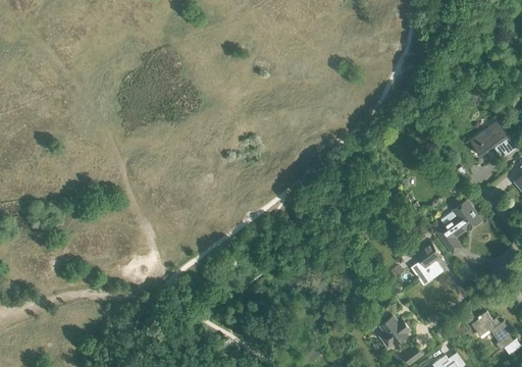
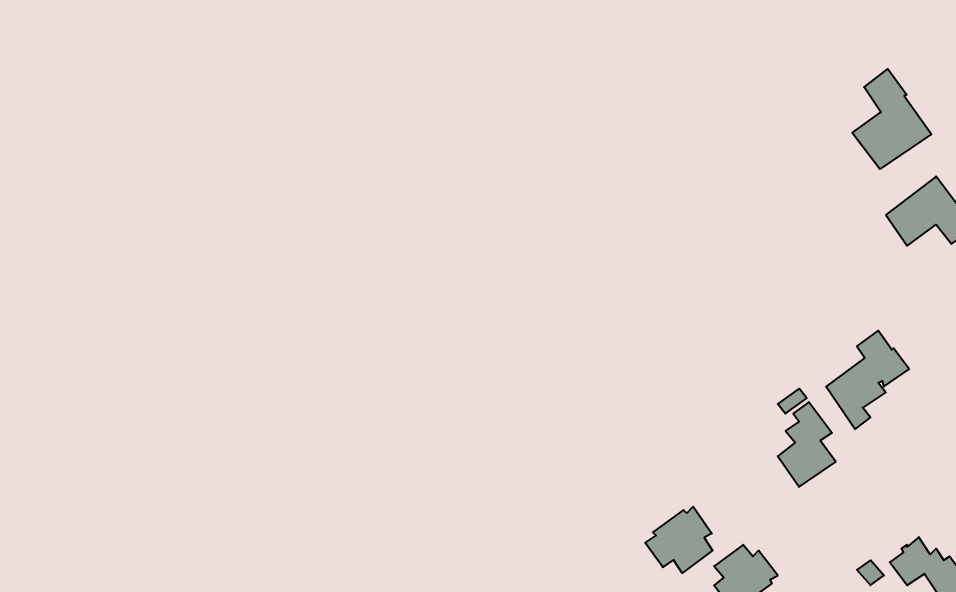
building: none -> [852,69,931,169]
building: none -> [645,507,713,573]

